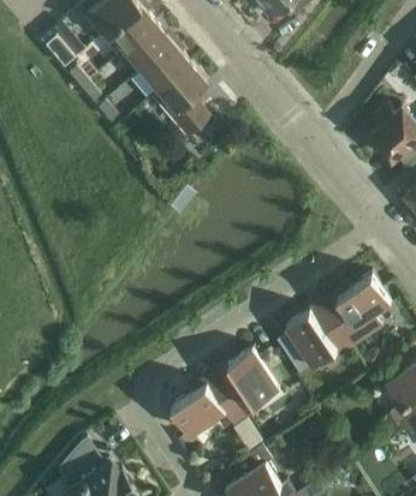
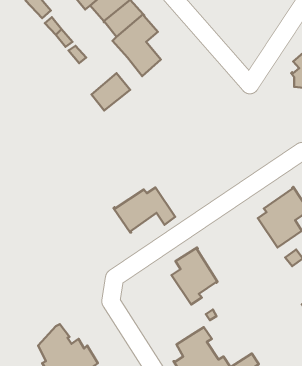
building: none -> [92,73,130,111]
building: [275,309,352,375] -> none
building: [171,381,246,436] -> [113,187,175,233]

